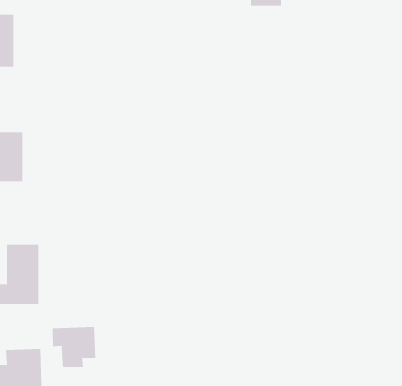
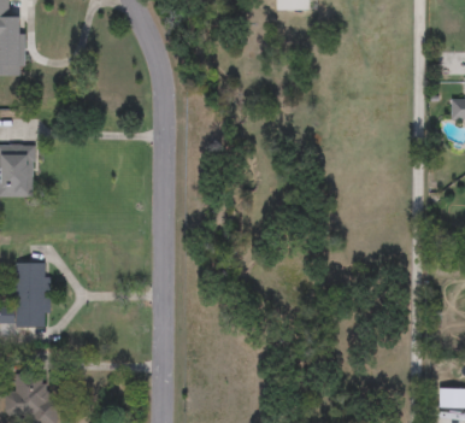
building: [52,326,96,368] -> none

